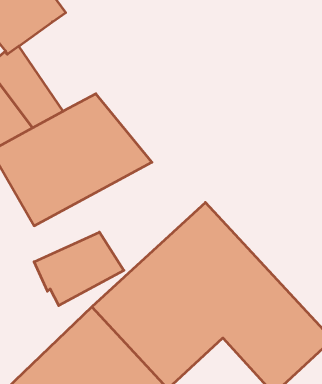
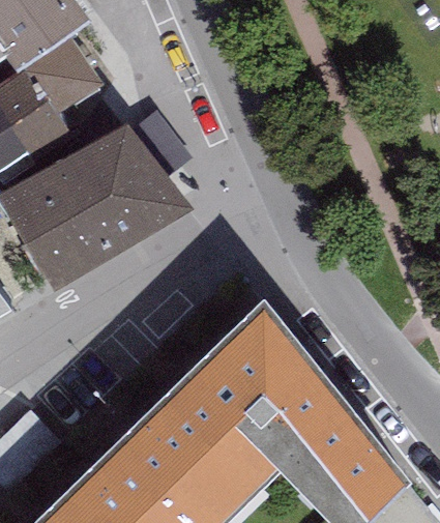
building: none -> [29,63,124,174]
building: [34,232,124,306] -> none

